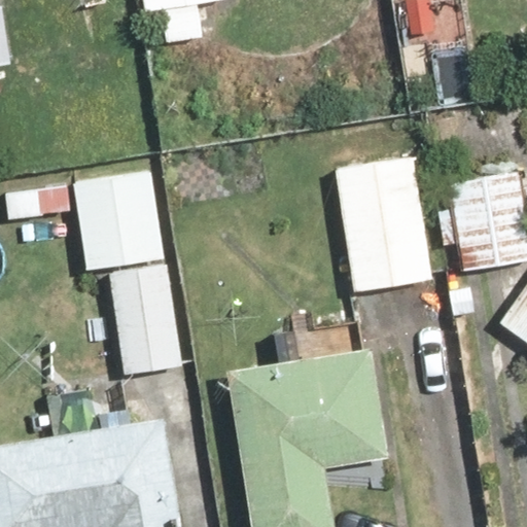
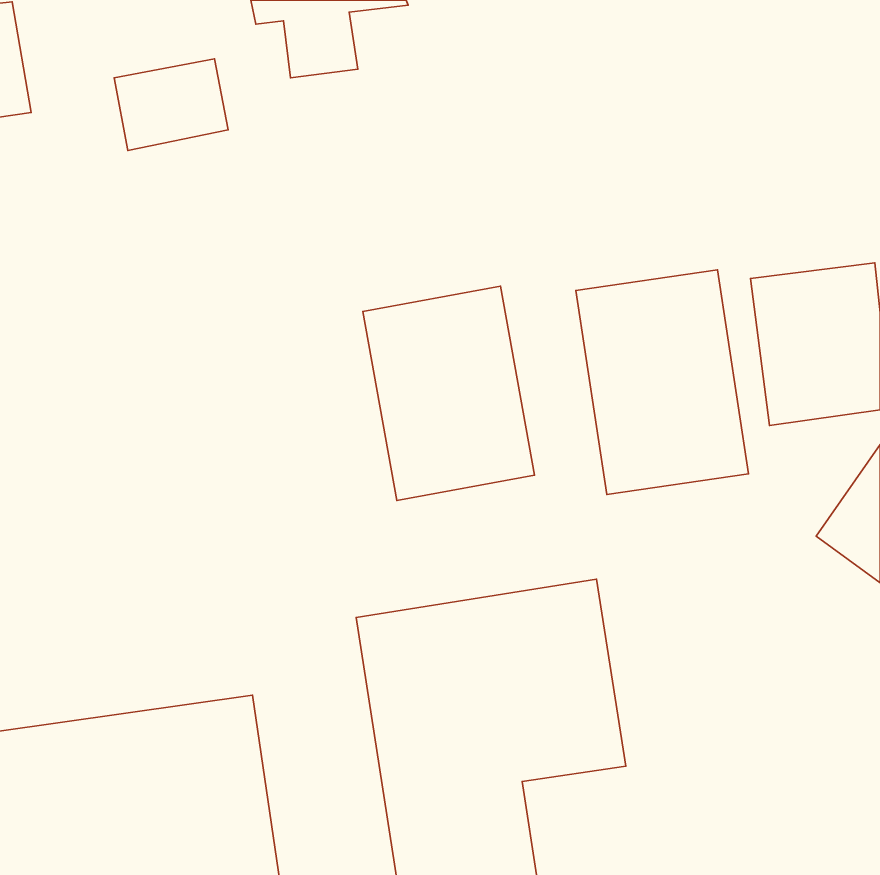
building: [16,173,189,380] -> none
building: none -> [363,286,534,501]

